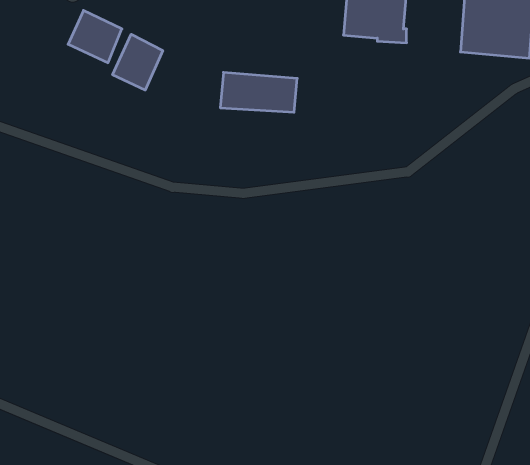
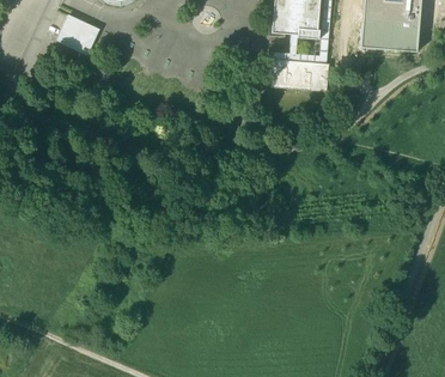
building: [113,34,163,90] -> none
building: [220,72,297,112] -> [270,60,330,91]

